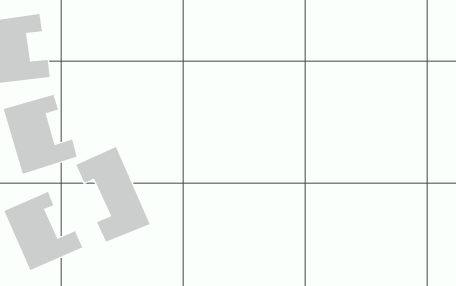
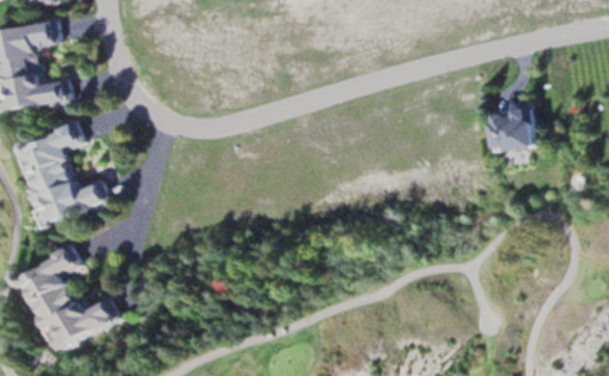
building: none -> [494,103,540,148]
building: [76,146,150,243] -> none

